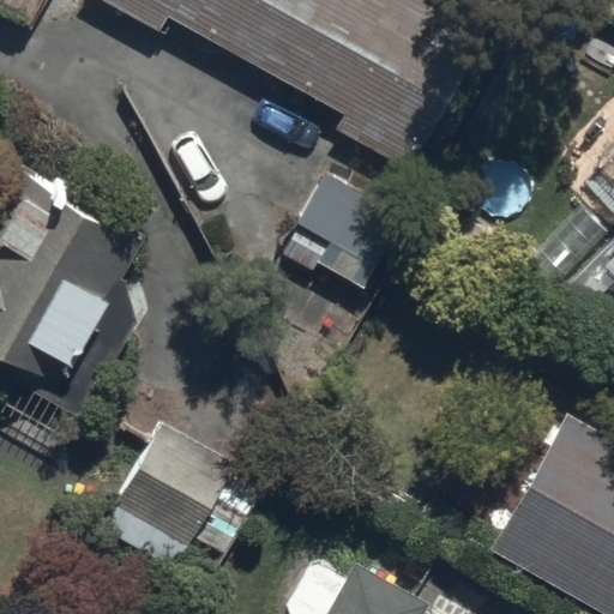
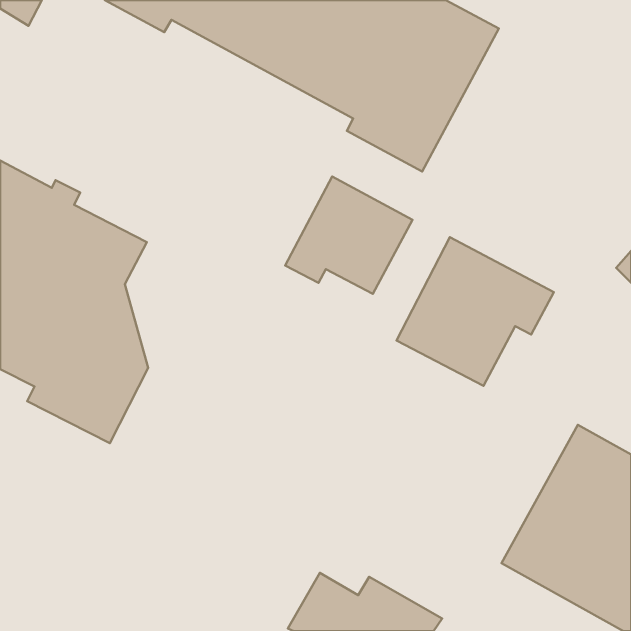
building: none -> [396,237,554,386]
building: [115,426,235,549] -> none

